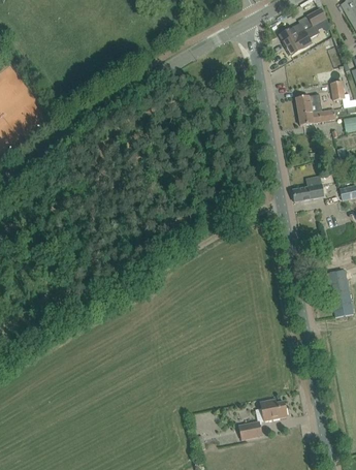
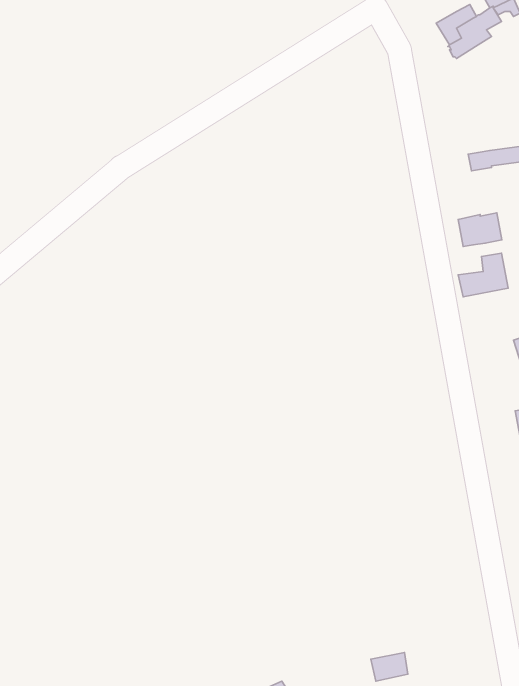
building: [295,94,322,115] -> [458,213,502,247]
building: [260,399,287,420] -> none

